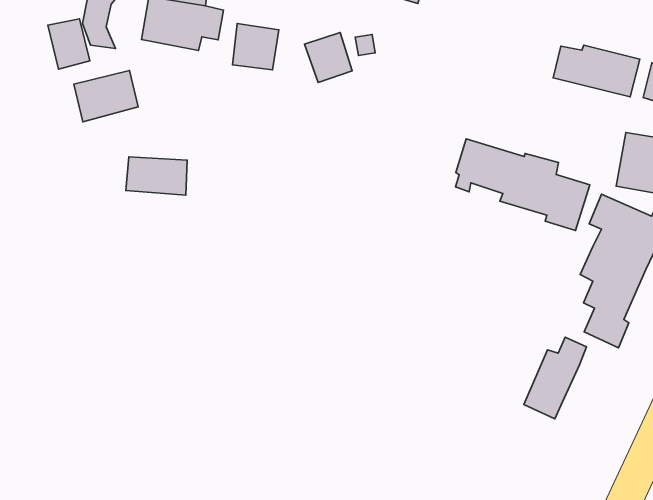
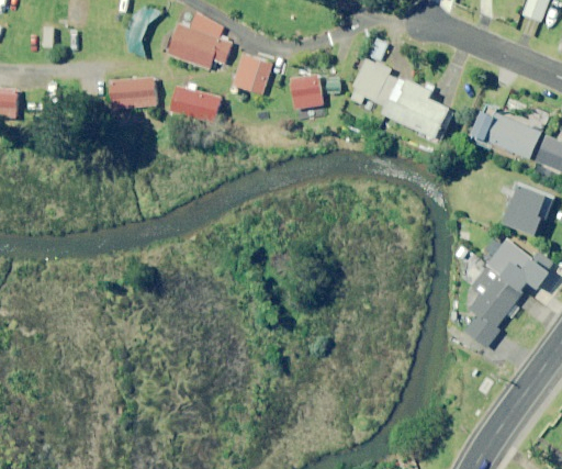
building: [48,19,90,69] -> none
building: [455,139,590,231] -> [351,62,453,145]
building: [126,157,187,195] -> [169,86,220,122]
building: [524,337,586,419] -> none

